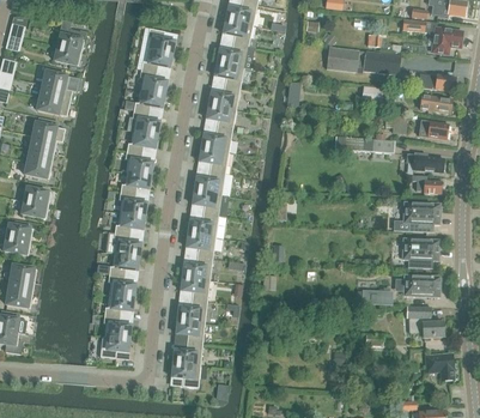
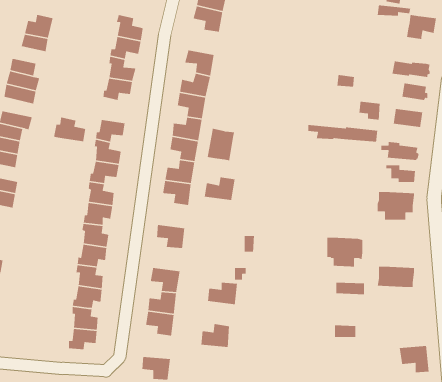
building: [217,43,248,67] -> none
building: [326,46,400,73] -> none
building: [126,109,158,134] -> [53,116,86,142]
building: none -> [207,128,235,161]
building: [187,213,218,237] -> [204,176,236,201]
building: [402,237,438,267] -> [327,237,363,268]
building: [182,256,212,279] -> [207,282,238,305]
building: [406,305,443,337] -> none
building: [172,341,201,365] -> [201,323,230,348]

